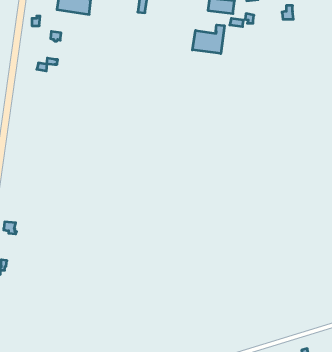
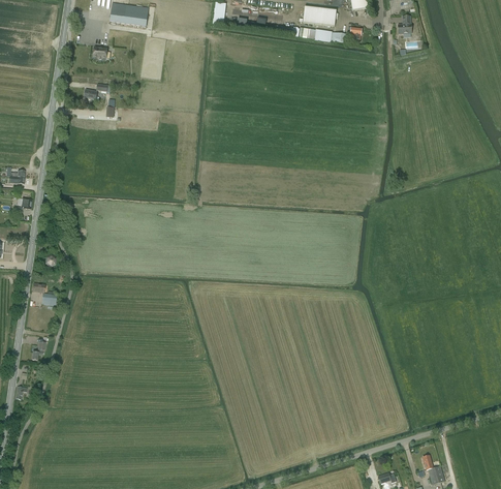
building: [192,25,224,54] -> none

